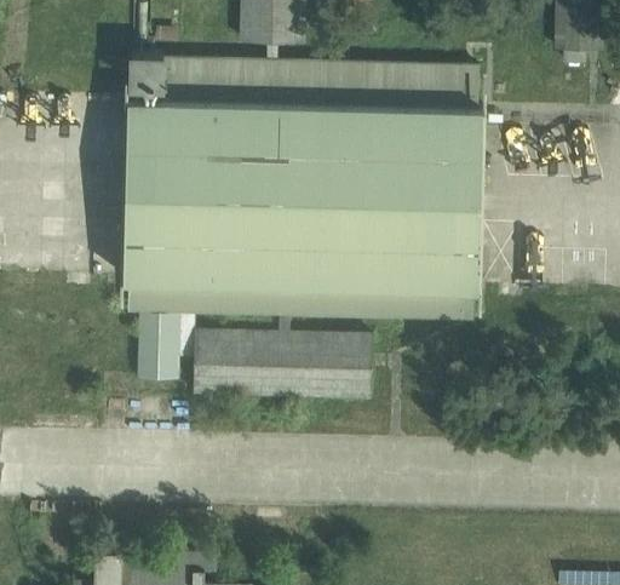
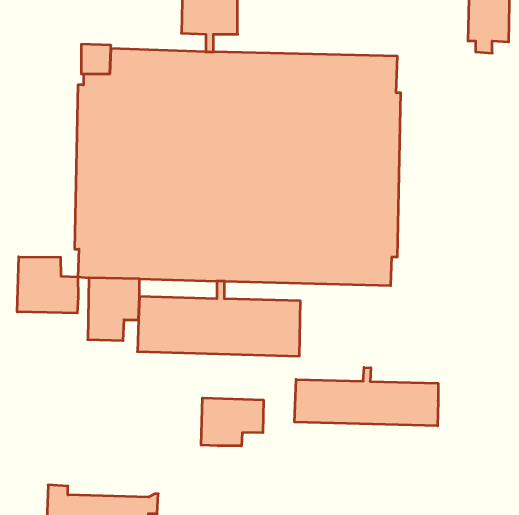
building: none -> [17,257,78,313]
building: none -> [295,367,438,426]
building: none -> [201,398,263,446]

